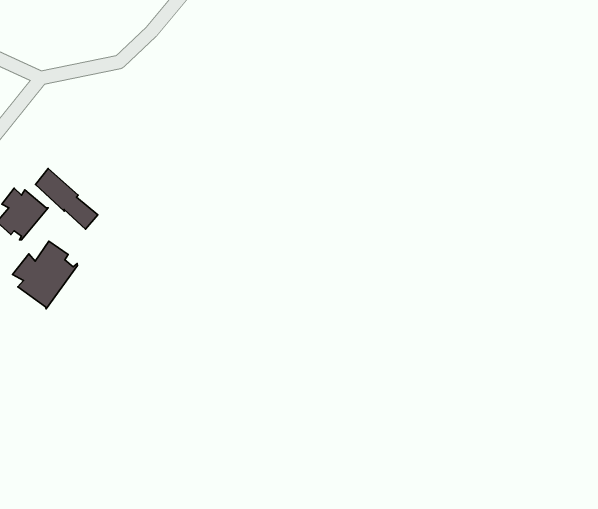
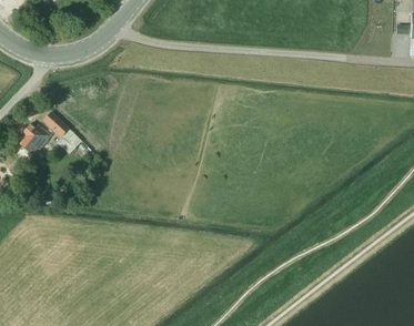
building: [13,241,78,309] -> none

